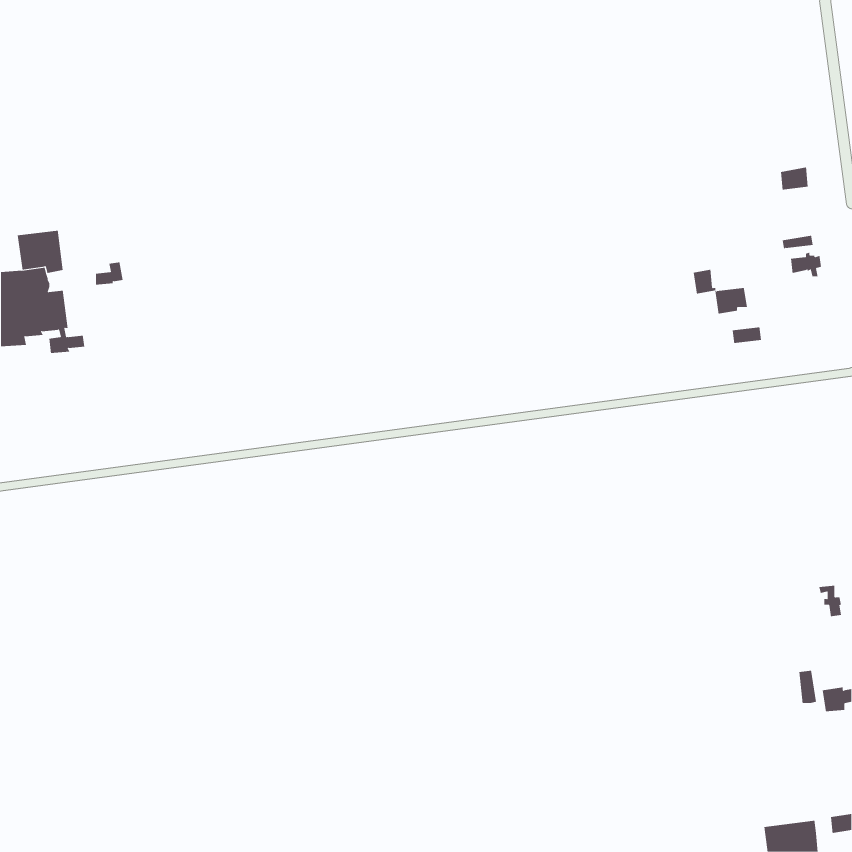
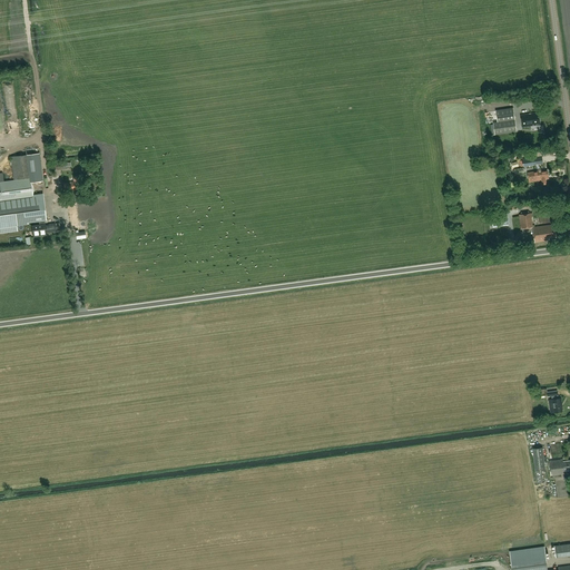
building: none -> [493,108,517,135]
building: [693,269,748,314] -> [519,213,556,243]

